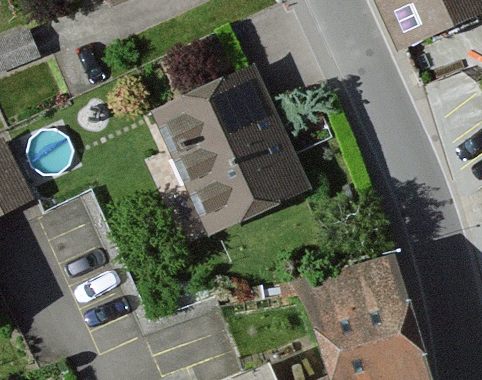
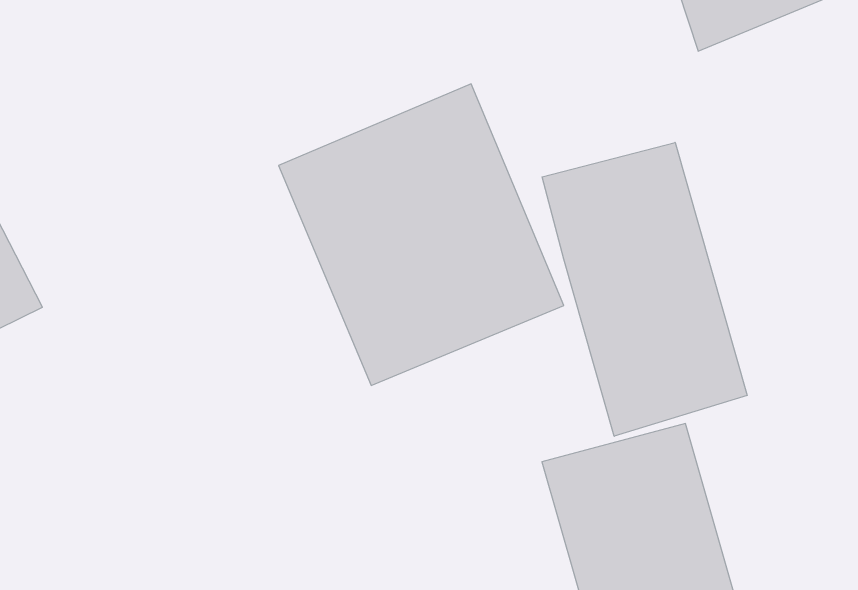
building: none -> [542,142,747,436]

